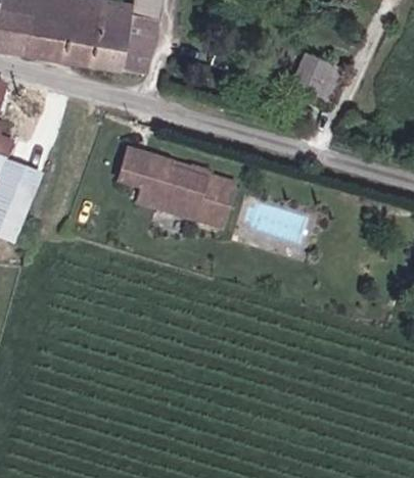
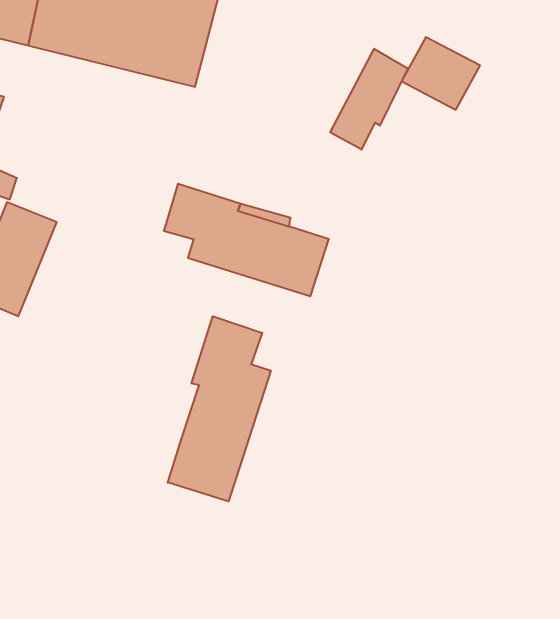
building: none -> [330,49,408,150]
building: none -> [168,316,271,501]

